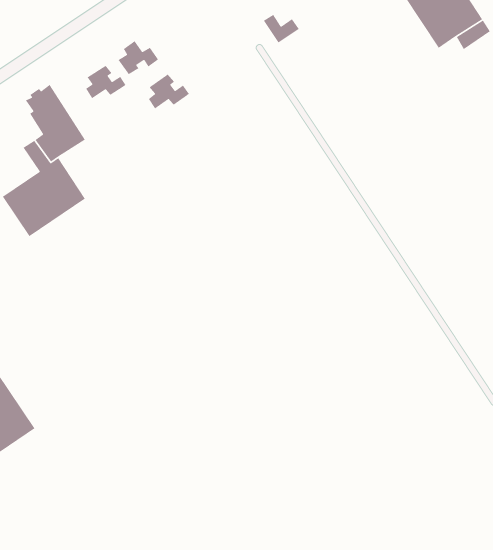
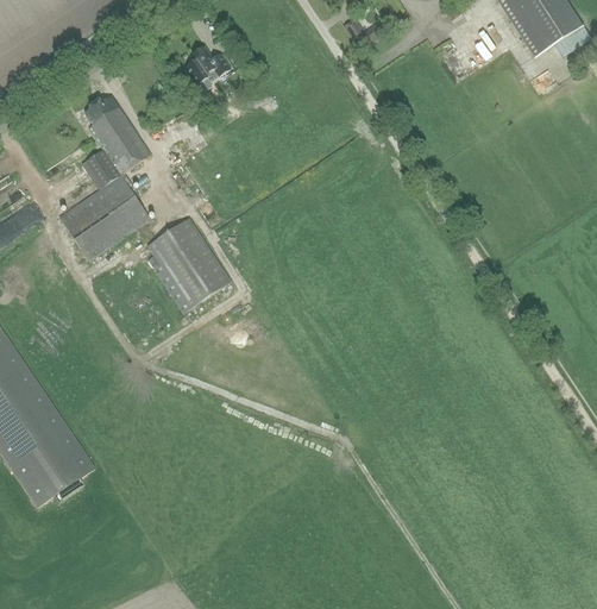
building: [85,65,126,99] -> none
building: [148,74,190,110] -> none
building: none -> [149,216,231,310]

